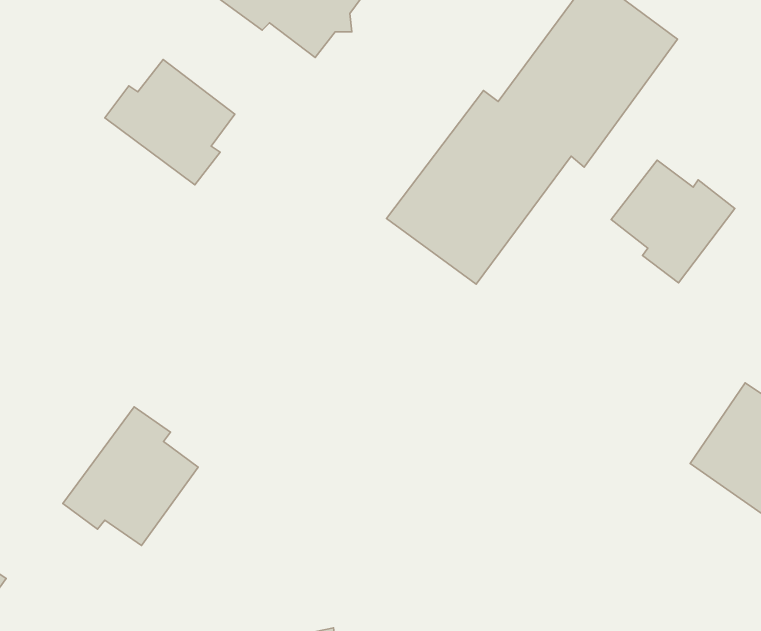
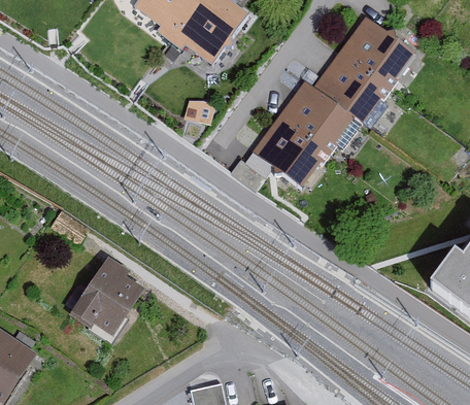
building: [105,60,235,185] -> none
building: [611,160,735,283] -> none

